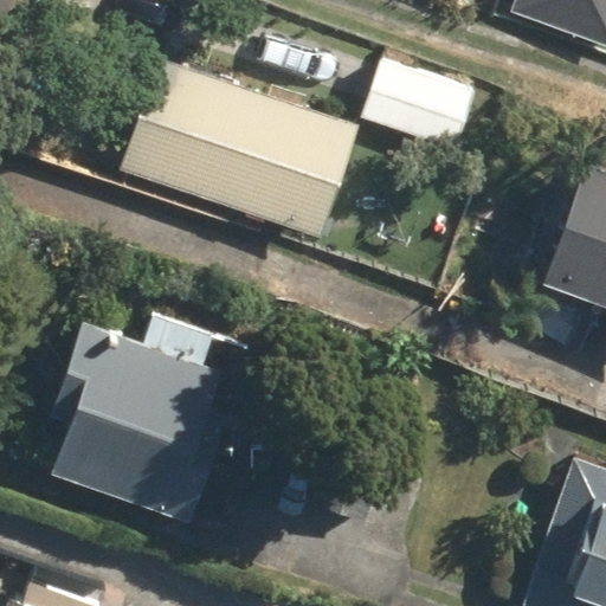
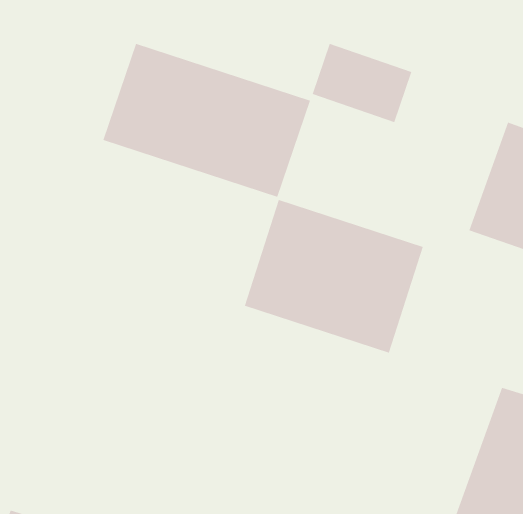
building: none -> [244,199,423,354]
building: [51,314,227,522] -> none

